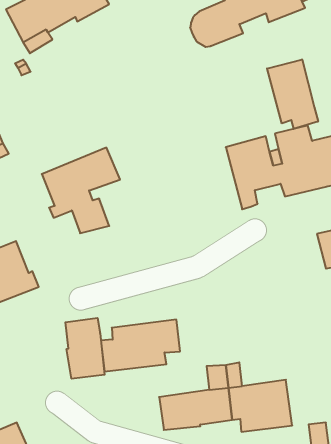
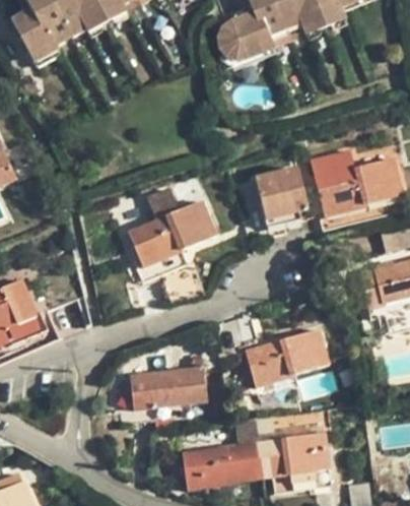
building: [267,59,318,129] -> none
building: [42,148,120,233] -> [128,198,215,294]
building: none -> [248,327,328,392]
building: [65,318,105,379] -> none

